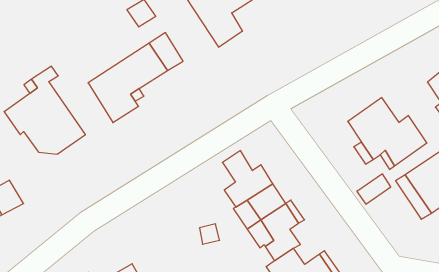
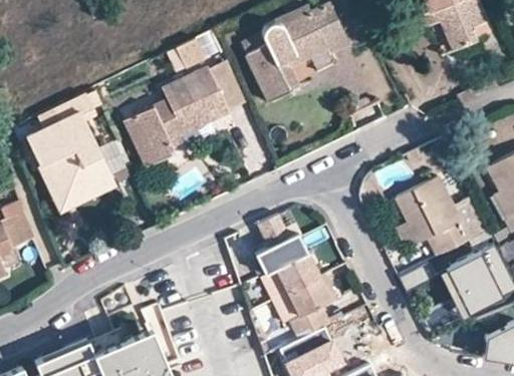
building: none -> [40,165,117,213]

